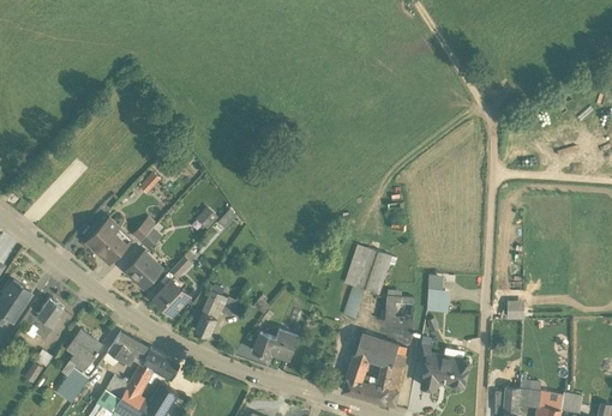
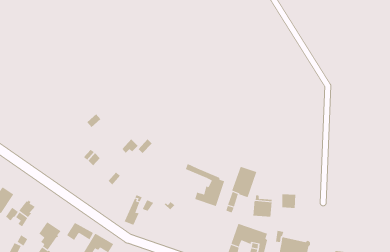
building: [88,218,132,260] -> none
building: none -> [185,163,225,207]
building: [126,255,158,288] -> none
building: [156,279,191,313] -> none
building: [253,330,299,358] -> none

